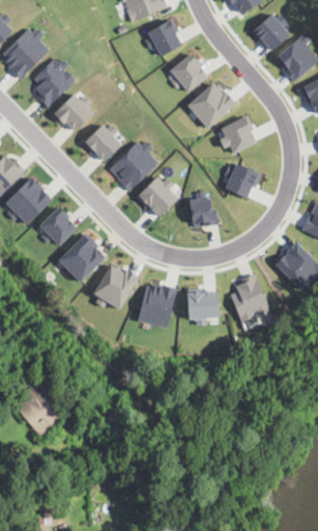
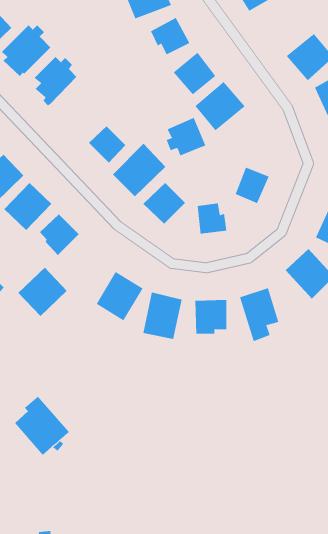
building: [252,13,289,51] -> none
building: [56,92,93,131] -> none
building: [219,116,257,153] -> [166,117,206,156]
building: [57,234,105,282] -> [18,267,68,317]

